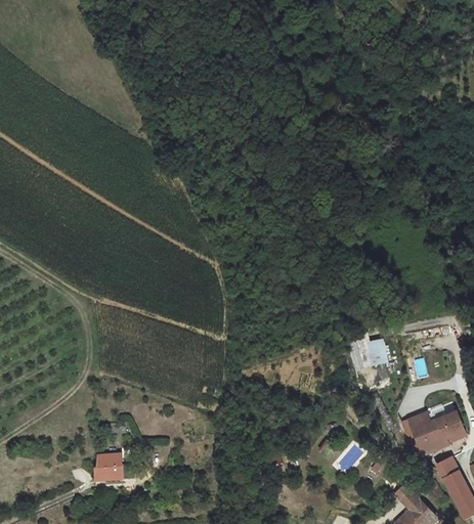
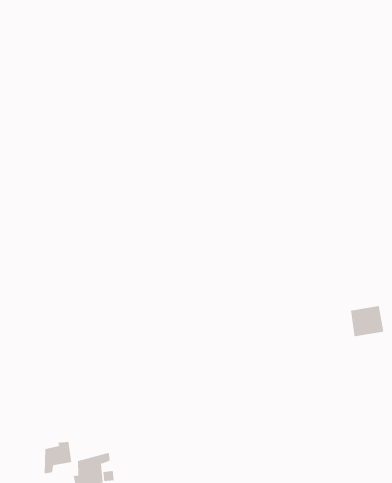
building: none -> [44,441,72,474]

